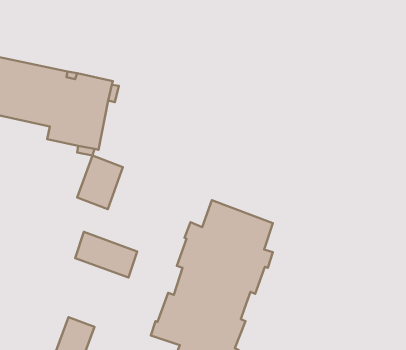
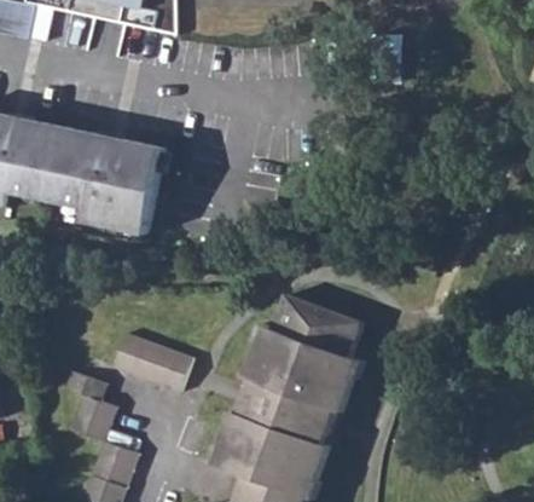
building: [77,156,123,209] -> none
building: none -> [69,371,120,442]

